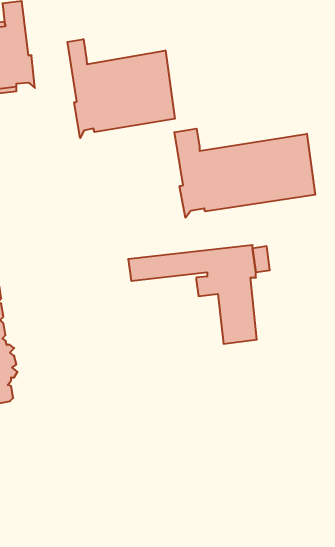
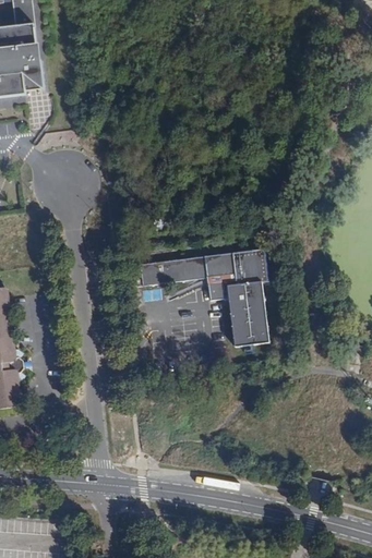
building: [67,39,175,138] -> none
building: [175,129,315,218] -> none

